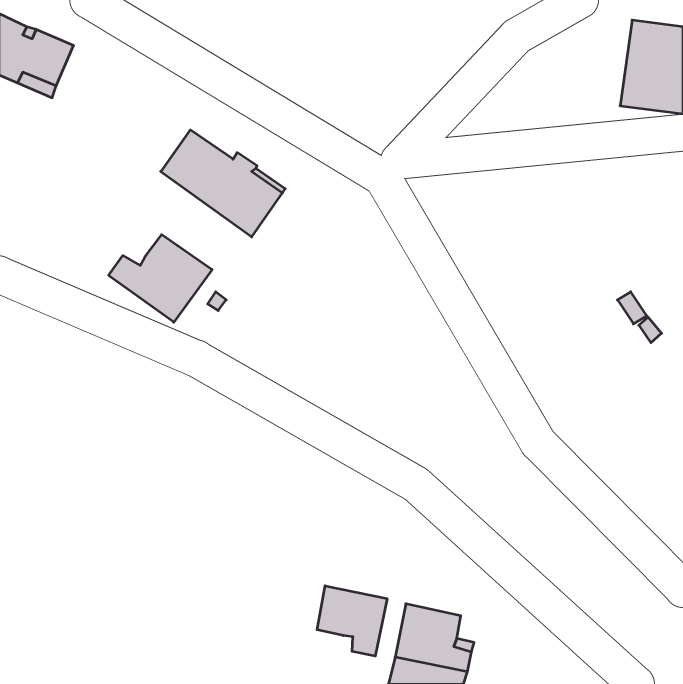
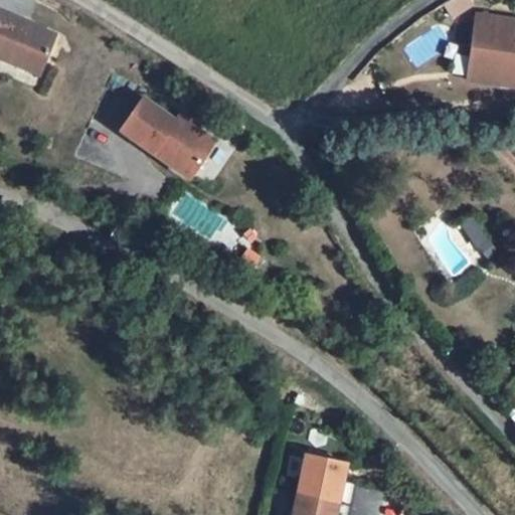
building: [109,235,212,322] -> none
building: [317,586,387,656] -> none

